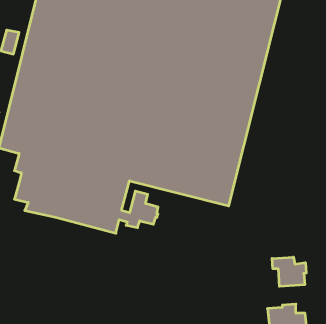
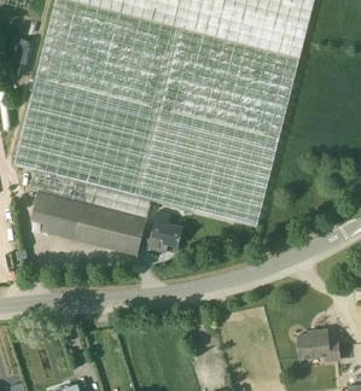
building: [272,257,306,286] -> none

